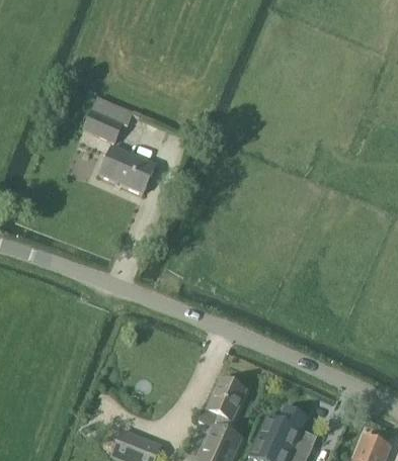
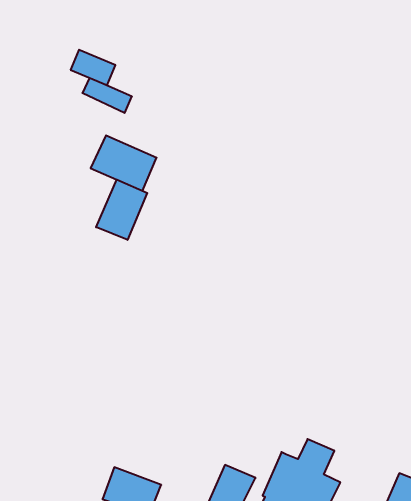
building: [82,111,121,142] -> [71,50,115,85]
building: none -> [96,180,147,240]
building: [197,380,244,440] -> none

